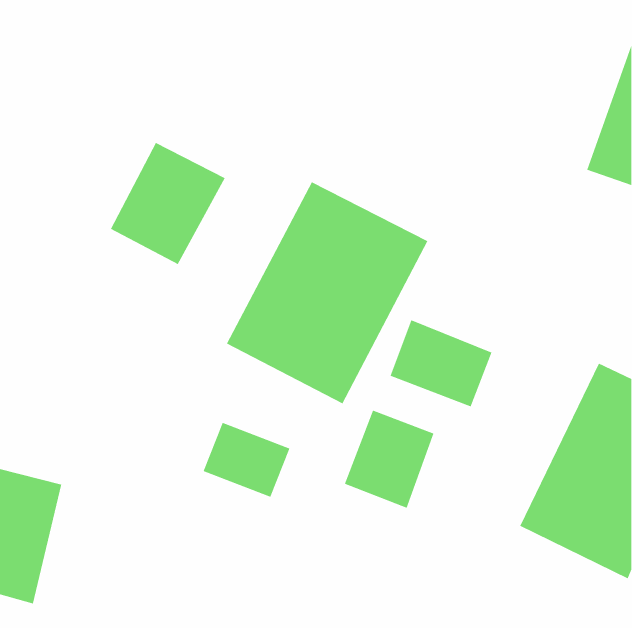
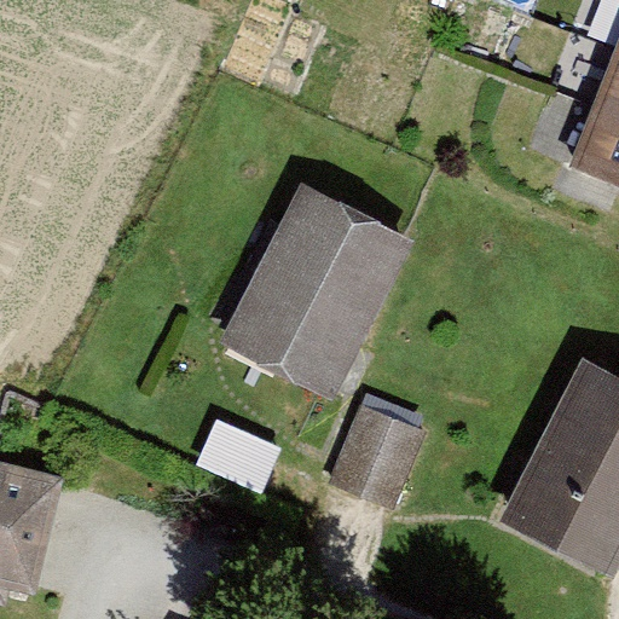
building: [110,142,226,265] -> none
building: [390,319,492,407] -> none

